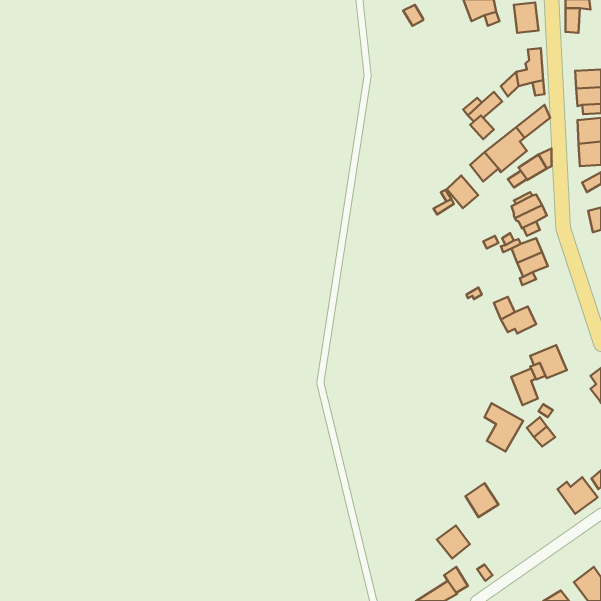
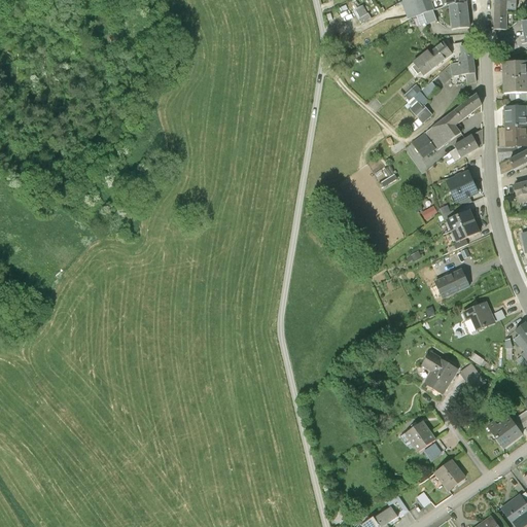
building: none -> [411,41,450,75]
building: [447,176,478,208] -> none
building: [511,369,538,405] -> none
building: [437,525,470,558] -> [435,461,464,490]

